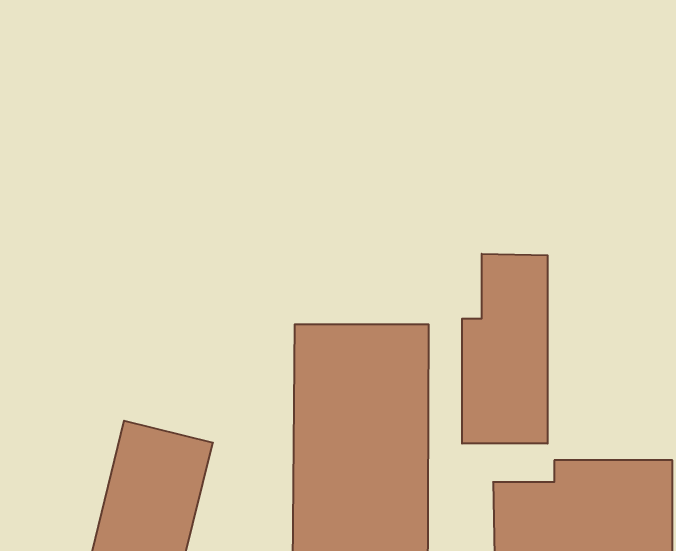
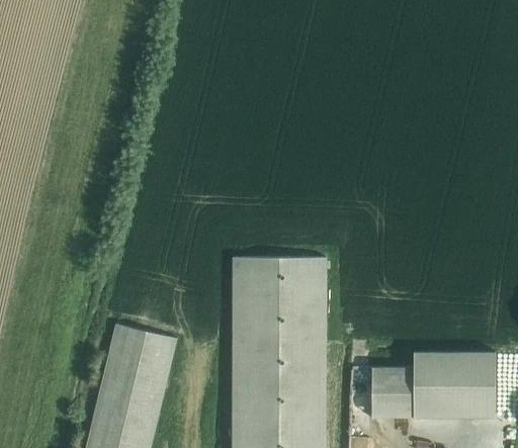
building: [462,254,548,444] -> none

